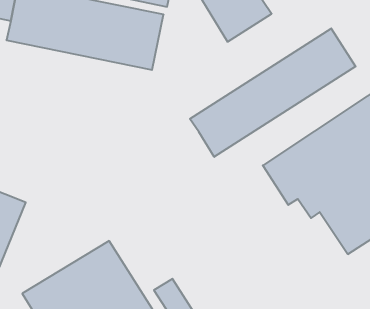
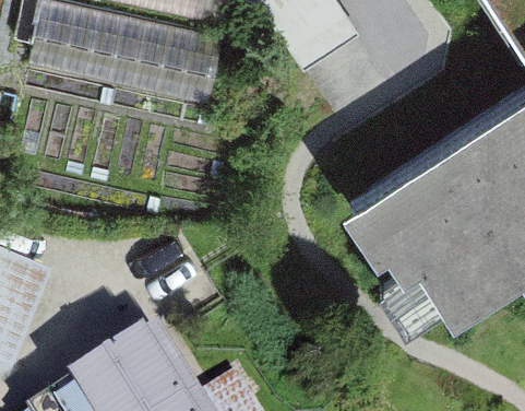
building: [190,28,356,157] -> none

